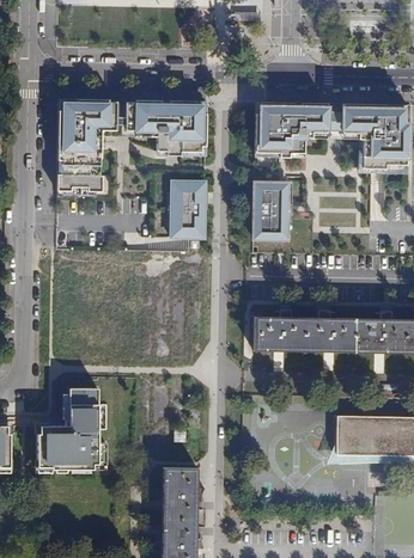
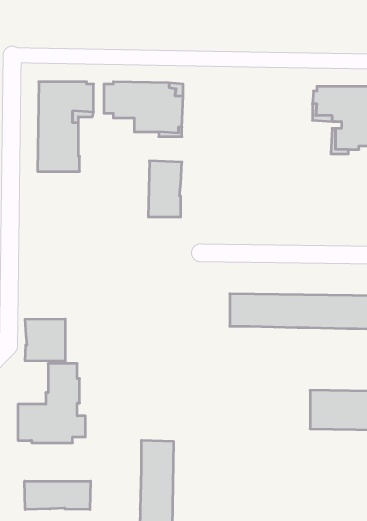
building: [254,102,327,153] -> none
building: [252,183,286,239] -> none
building: none -> [25,319,65,361]
building: none -> [25,481,91,510]

